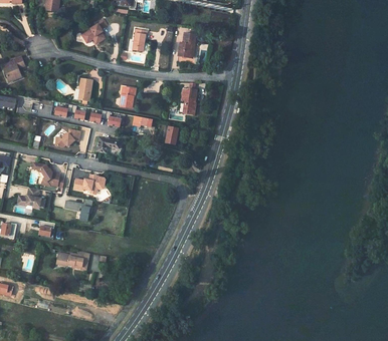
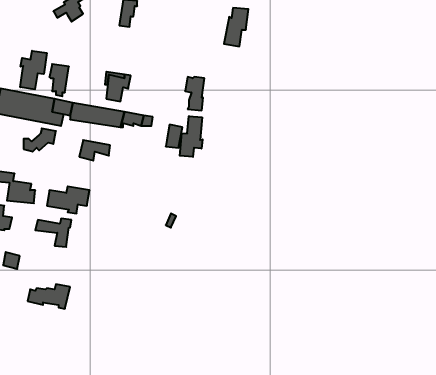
building: [172,35,191,65] -> [224,8,248,46]
building: none -> [20,51,47,89]
building: none -> [180,116,203,157]

